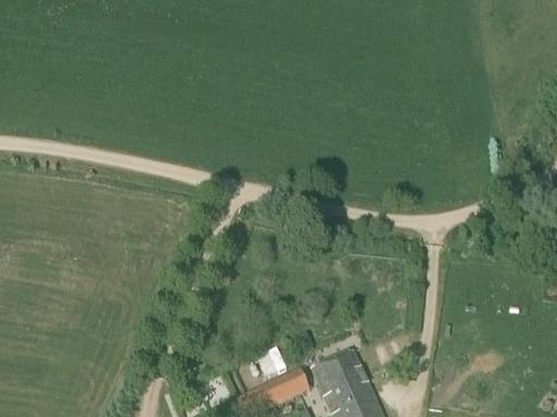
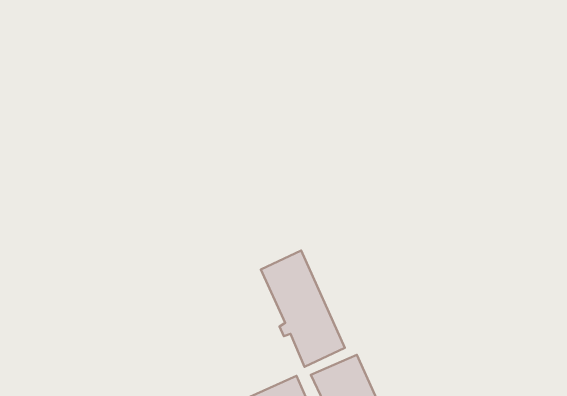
building: none -> [261,251,345,367]

